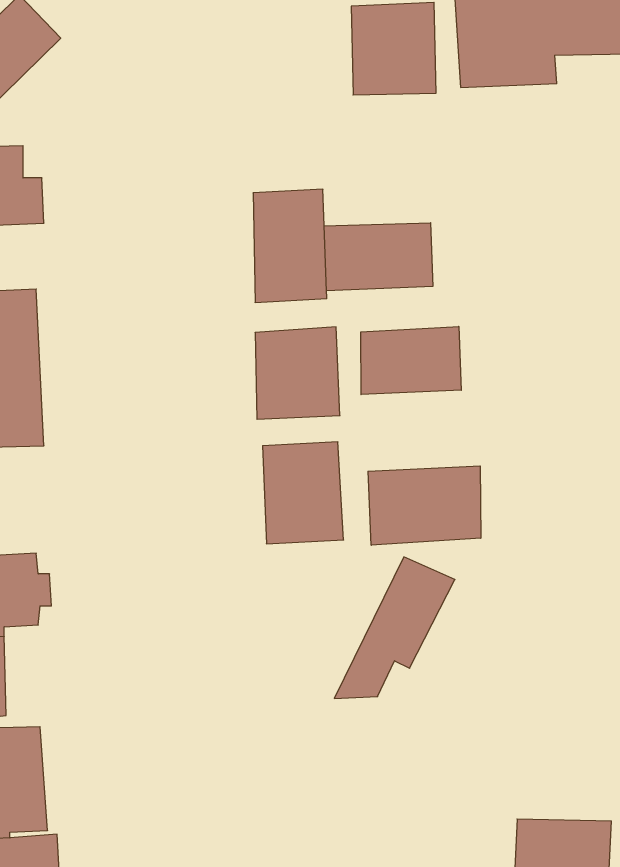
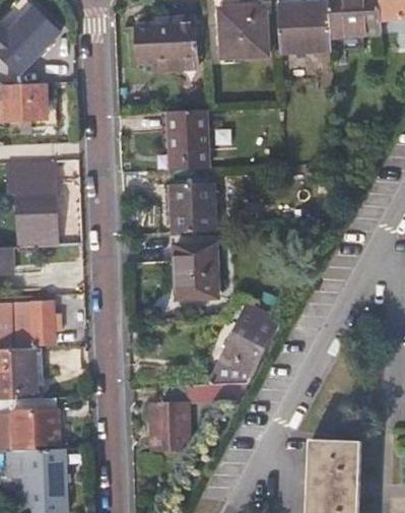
building: none -> [138,15,197,61]
building: [324,223,433,291] -> none
building: [361,326,461,395] -> none
building: [368,466,481,545] -> none
building: none -> [149,382,246,451]

